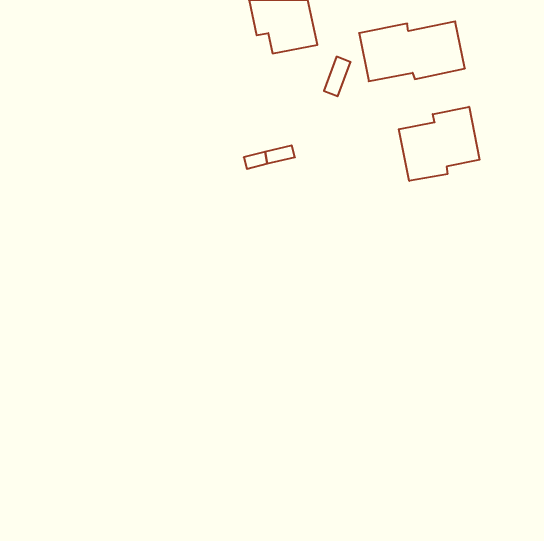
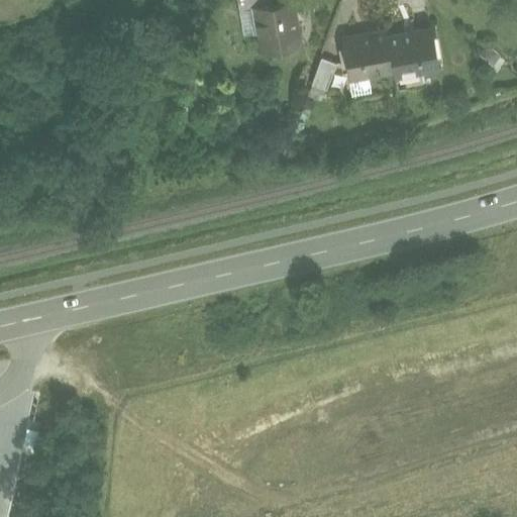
building: [399,107,480,181] -> none

